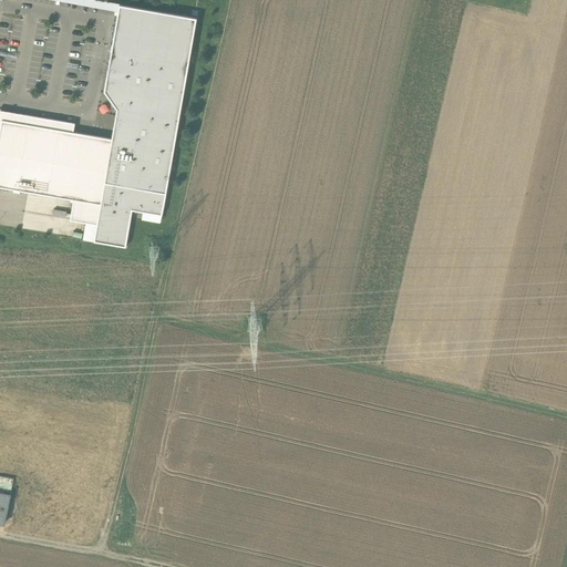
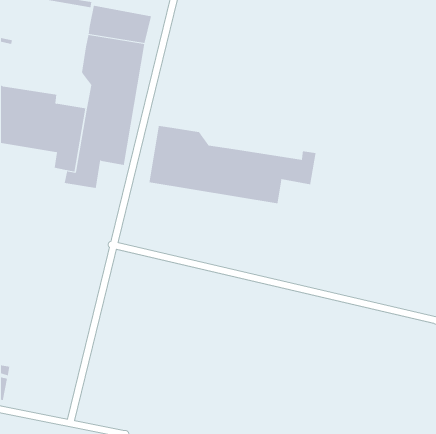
building: none -> [149,125,316,204]

